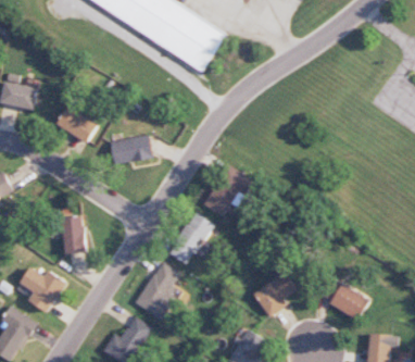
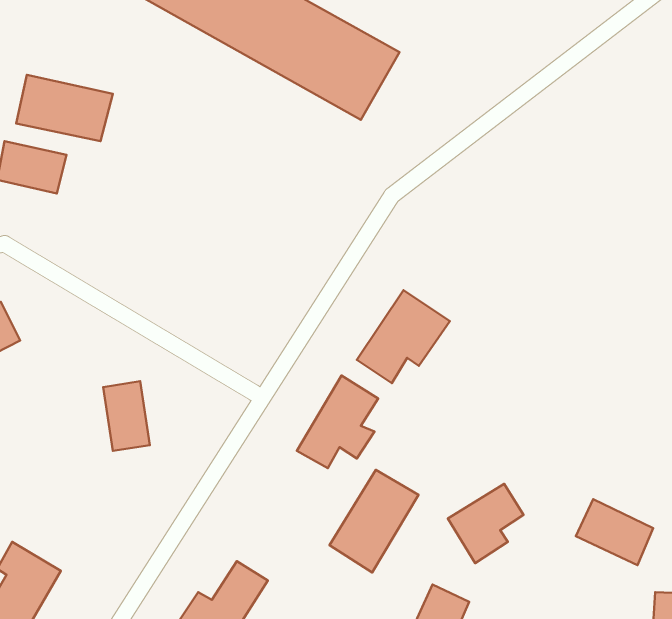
building: none -> [16,75,113,141]
building: [56,108,98,141] -> none
building: [110,135,152,165] -> none
building: [135,261,185,319] -> [329,470,419,572]
building: [18,266,66,313] -> none

